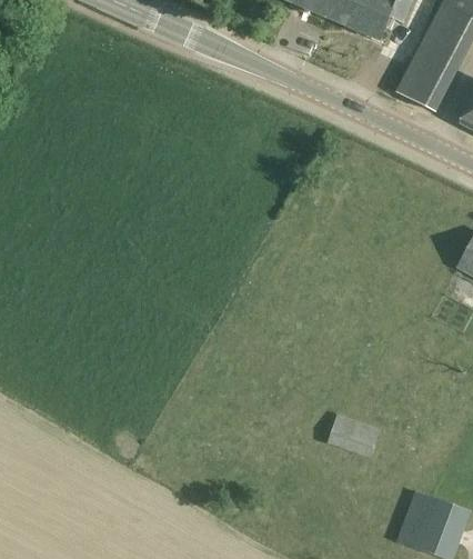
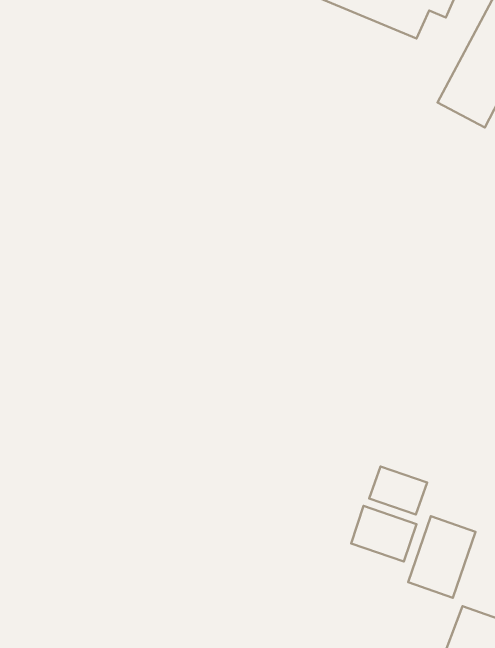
building: none -> [369,467,427,514]
building: none -> [408,516,475,598]

